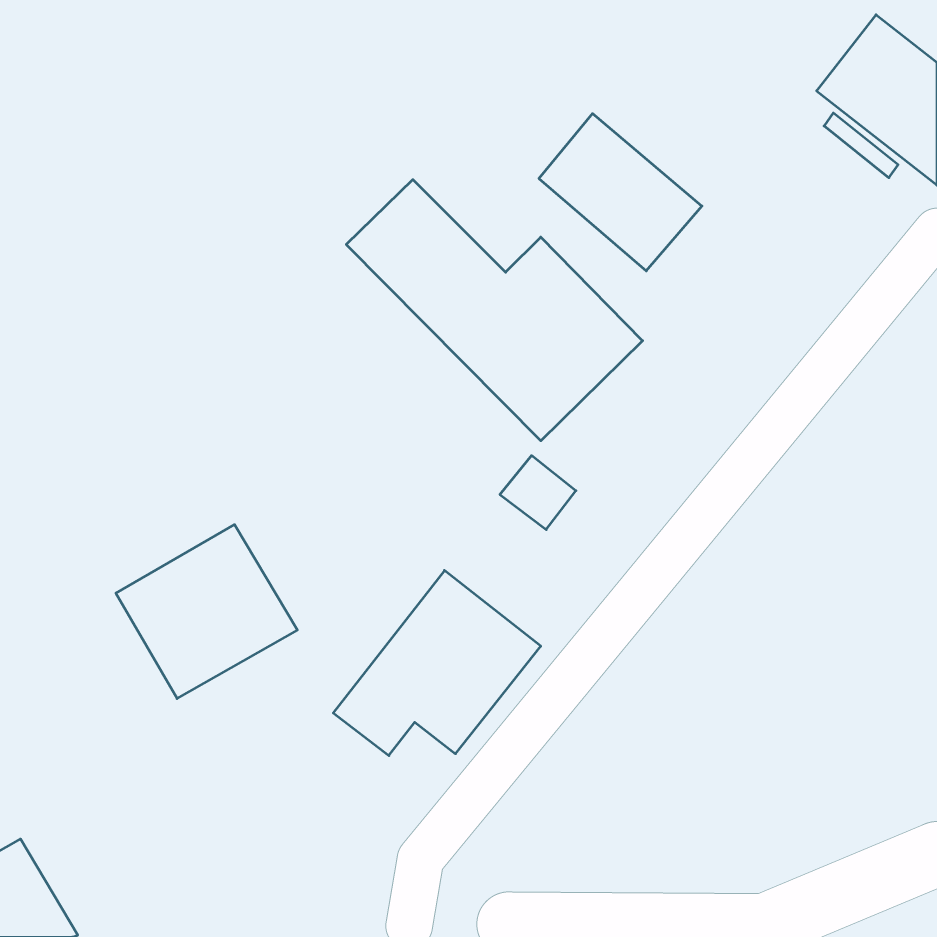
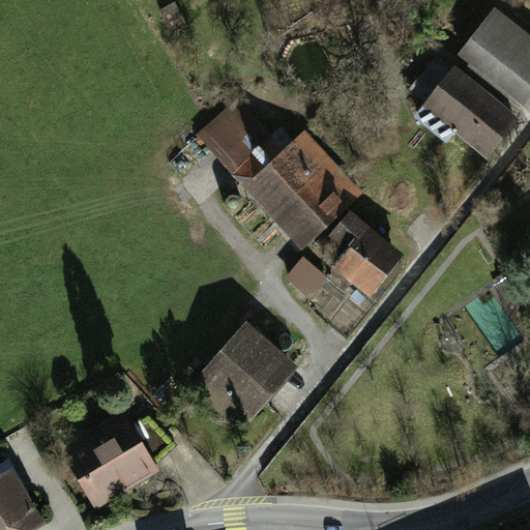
building: [539,114,702,271] -> [422,68,513,156]
building: none -> [332,208,408,294]
building: [116,525,297,699] -> [60,416,161,513]

